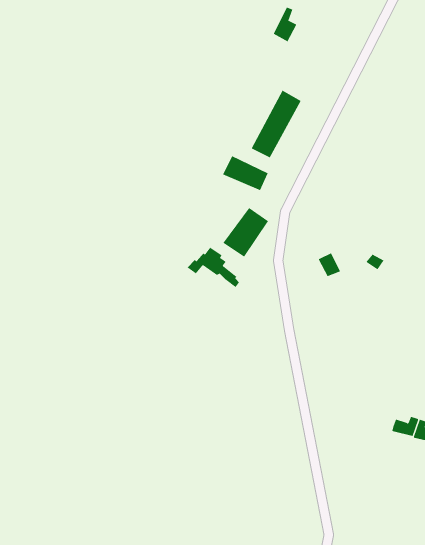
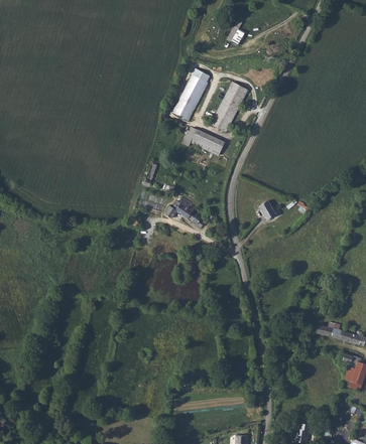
building: none -> [172,72,209,119]
building: [222,207,269,257] -> none

